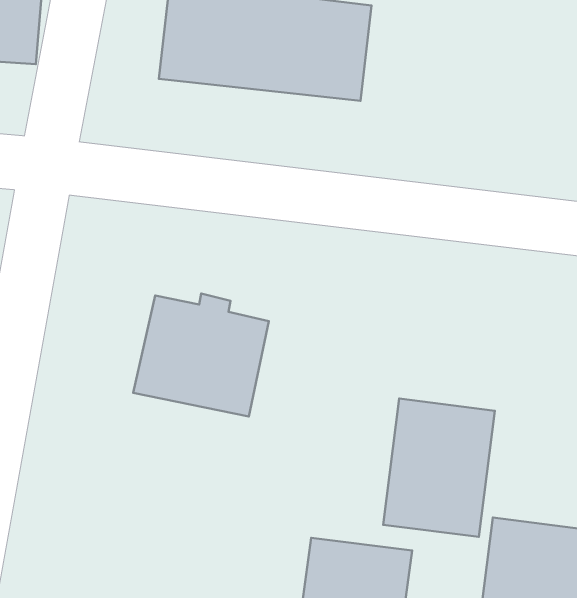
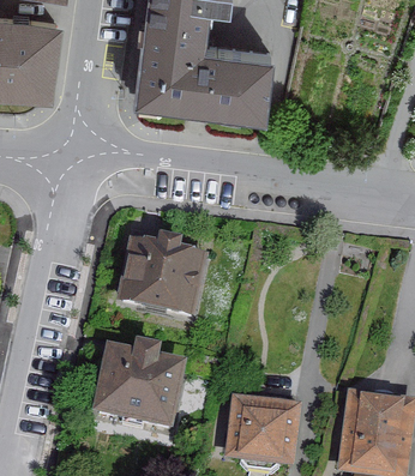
building: [383,399,495,537] -> none
building: none -> [95,349,184,429]

